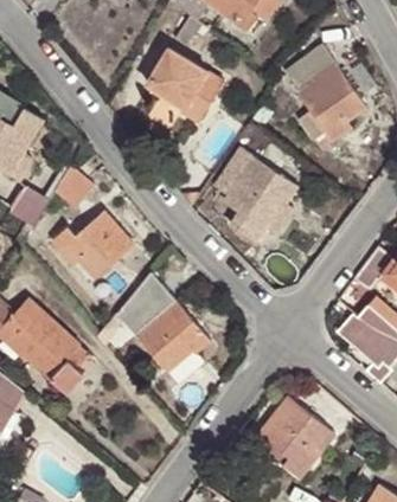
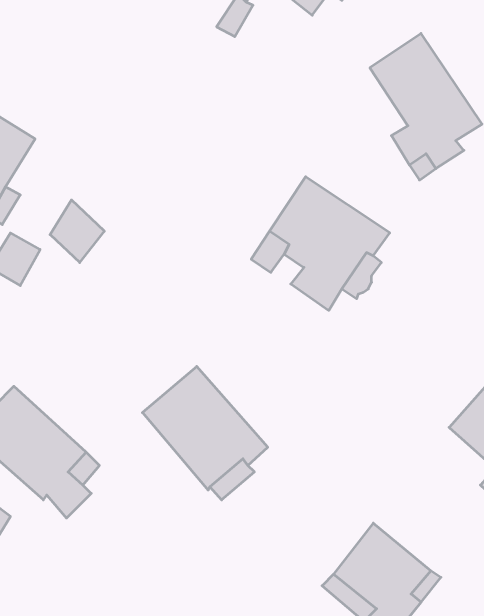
building: [146,47,223,123] -> none
building: [52,211,134,278] -> none

